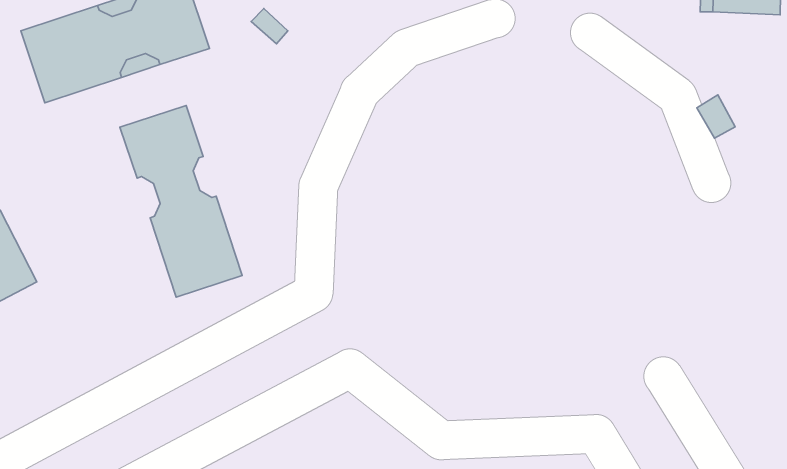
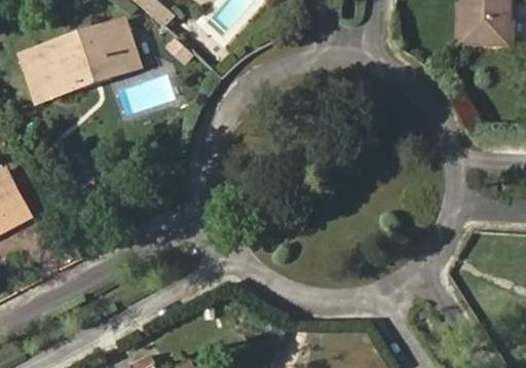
building: [120,105,242,297] -> none

